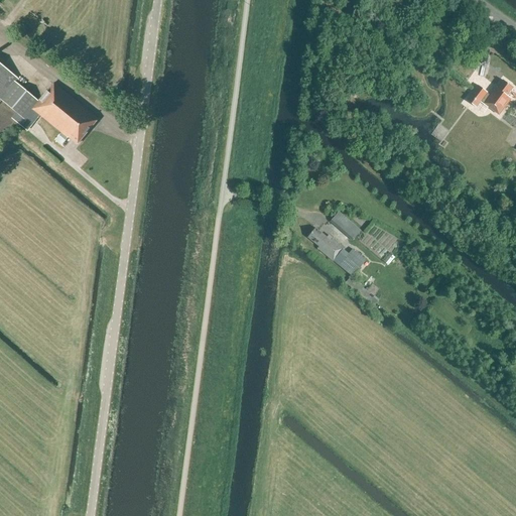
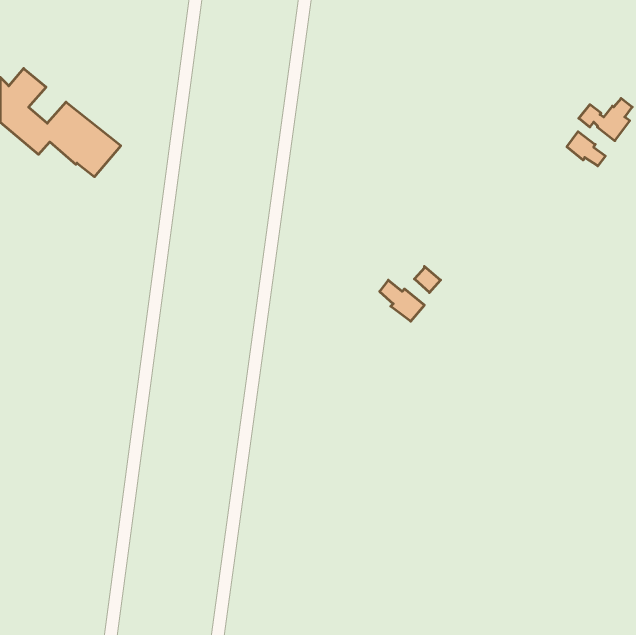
building: none -> [567,132,605,166]
building: [340,250,366,277] -> none

